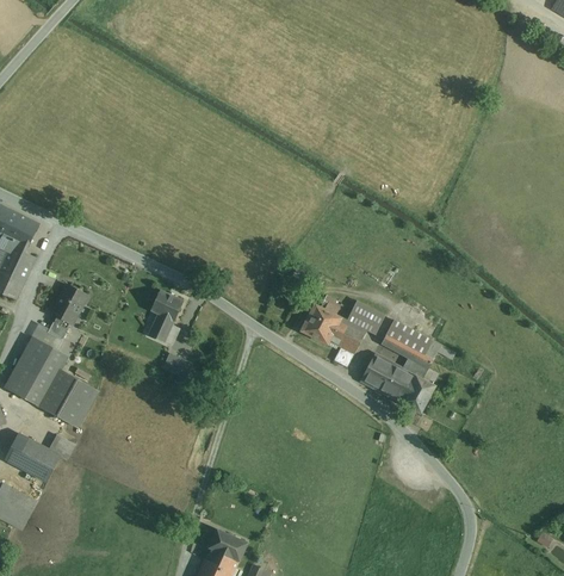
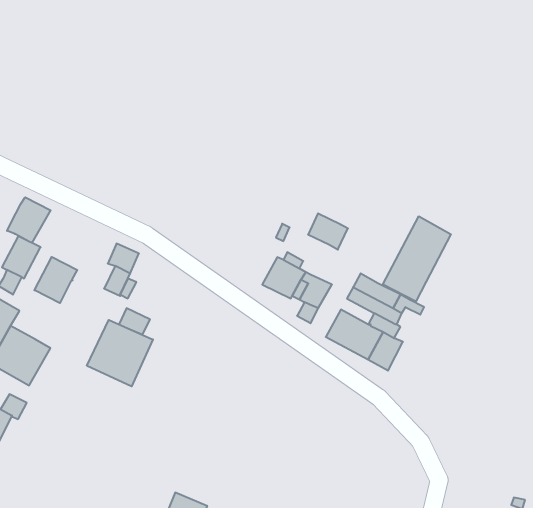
building: none -> [7,197,51,243]
building: none -> [383,216,451,301]
building: [346,301,384,335] -> [308,213,348,250]
building: none -> [34,257,77,303]
building: none -> [87,320,153,386]

